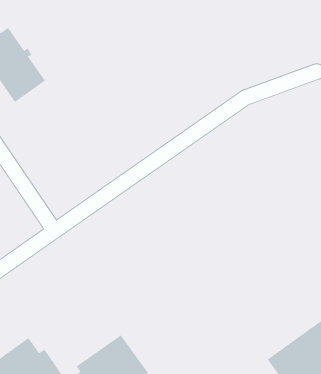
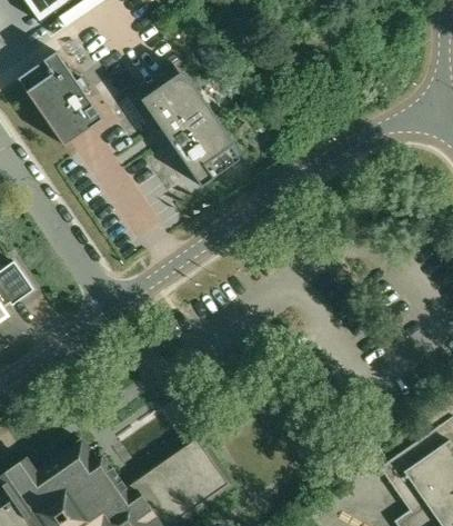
building: none -> [135,63,240,187]

